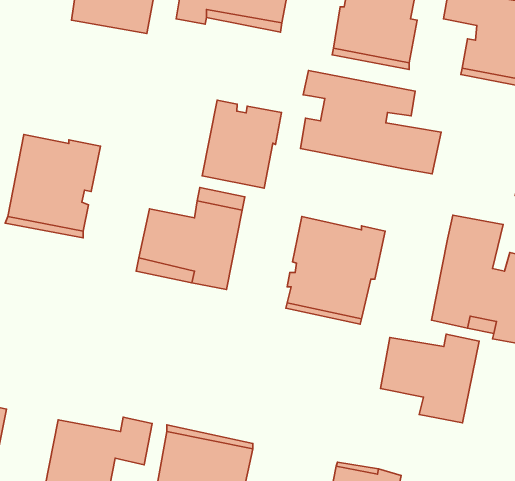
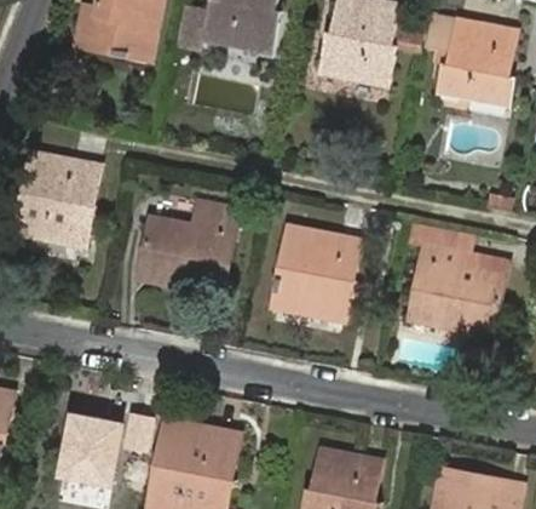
building: [301,71,441,174] -> none
building: [202,100,282,188] -> none
building: [380,334,479,423] -> none

